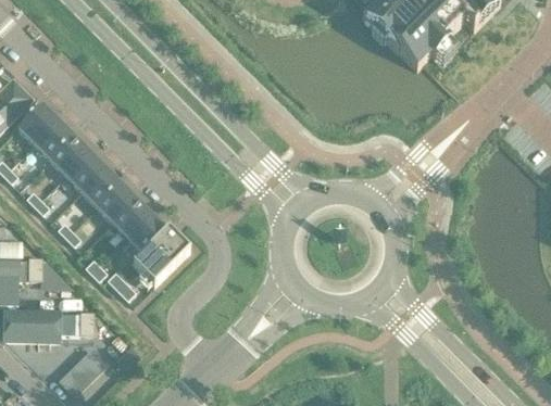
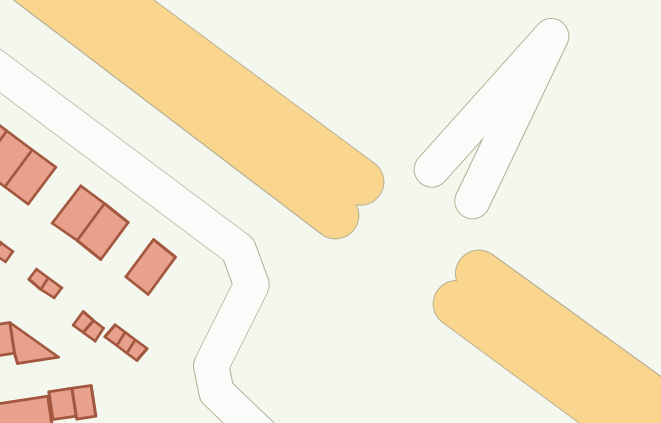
building: [63,149,103,189] -> none
building: [110,196,150,236] -> none
building: [130,226,187,282] -> none

